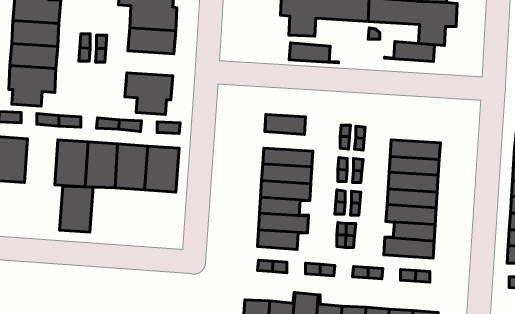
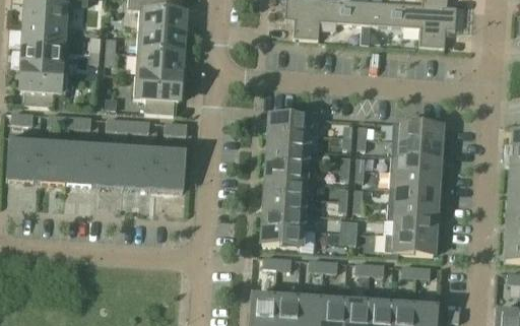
building: [384,42,435,61] -> [392,124,441,143]
building: [289,43,338,63] -> [268,132,316,151]
building: none -> [135,54,181,78]
building: [60,186,93,232] -> [36,139,68,184]

